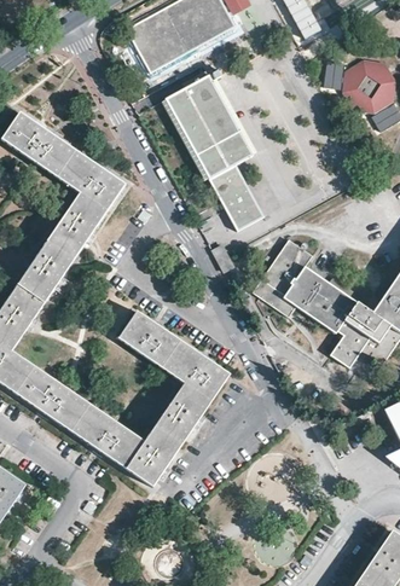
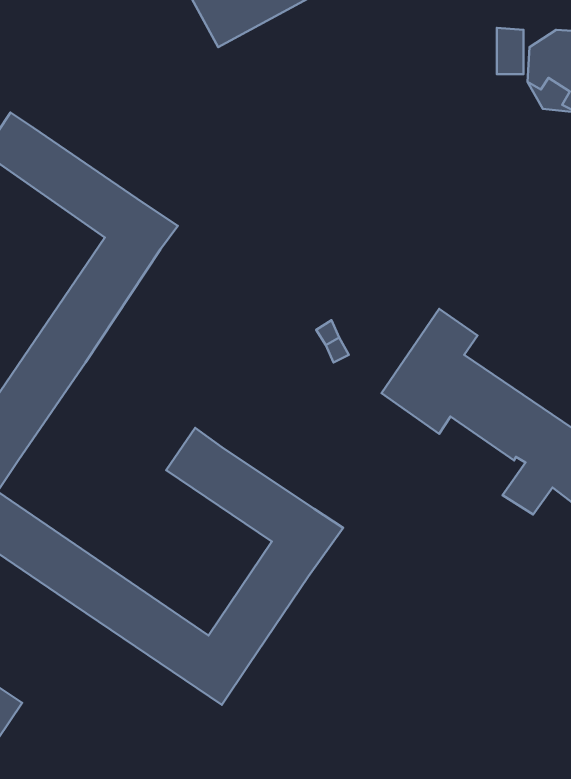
building: [166,75,265,231] -> none

